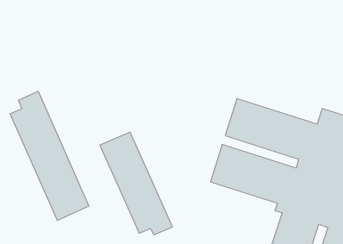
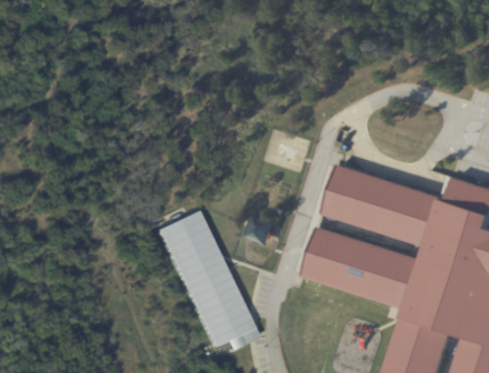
building: [10,91,89,221] -> none

